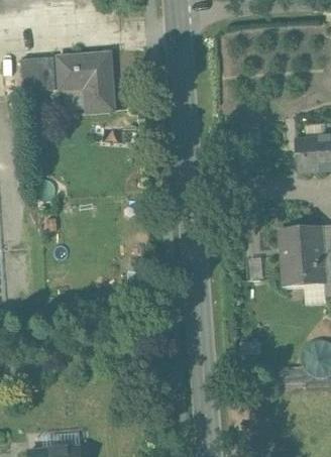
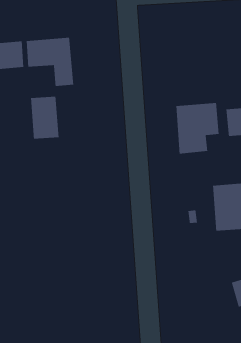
building: none -> [30,96,59,140]
building: none -> [175,102,219,155]

